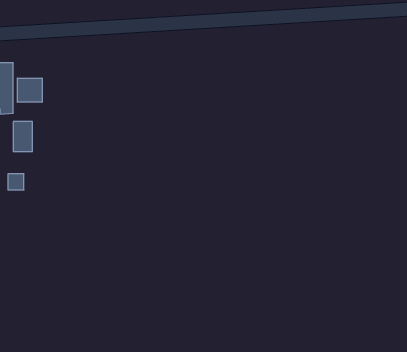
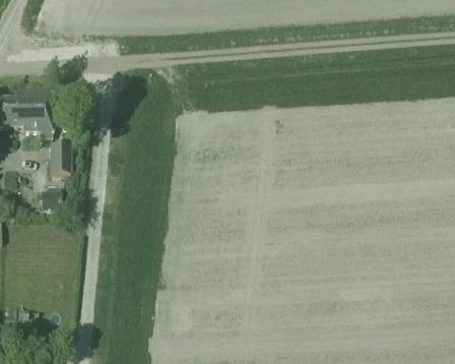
building: [17,78,42,102] -> none

